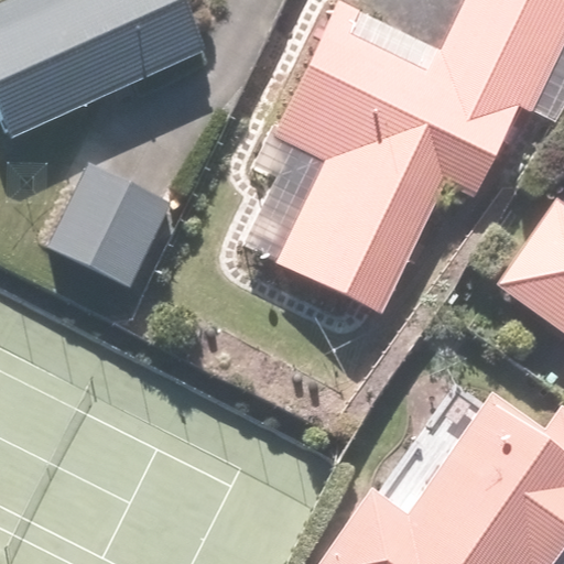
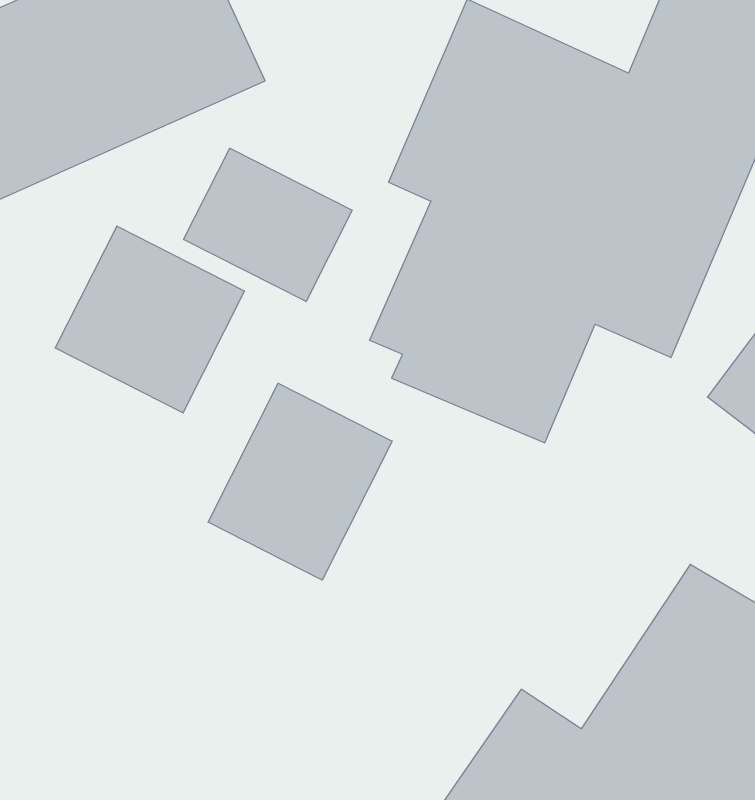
building: none -> [184,148,352,302]
building: none -> [208,383,392,580]

